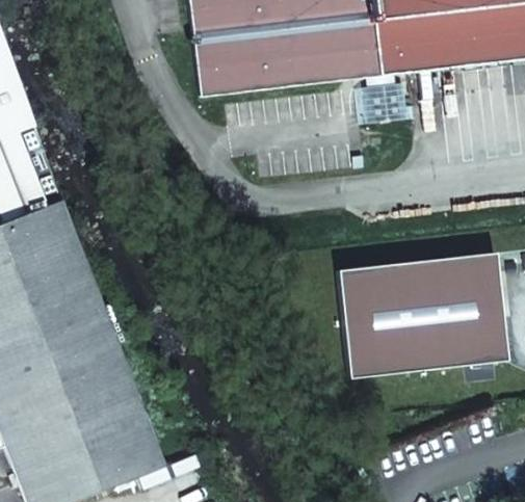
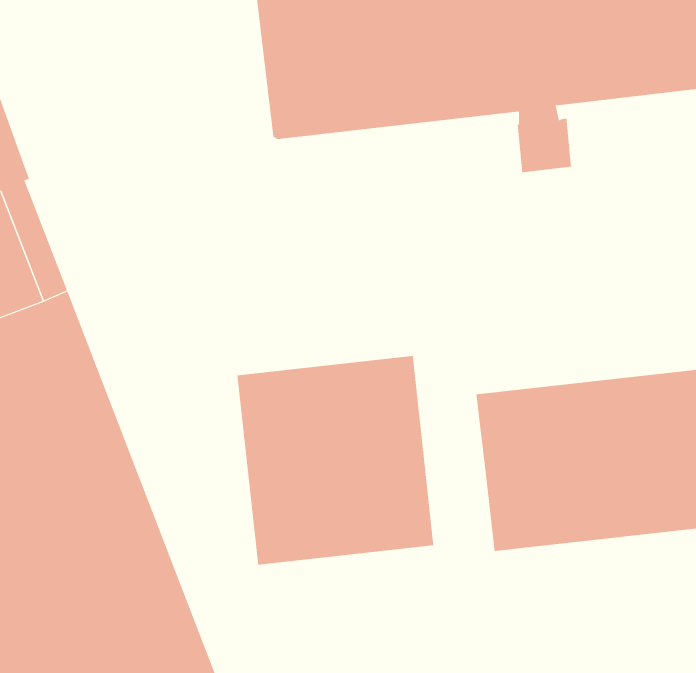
building: none -> [237,355,434,566]

